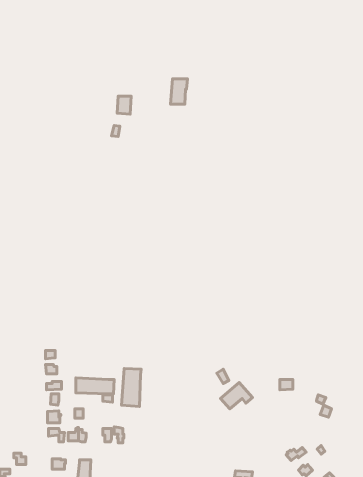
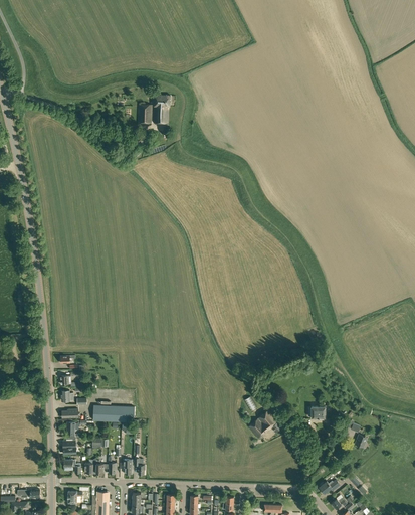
building: [171,79,188,104] -> [153,96,171,123]
building: [121,369,141,407] -> none

